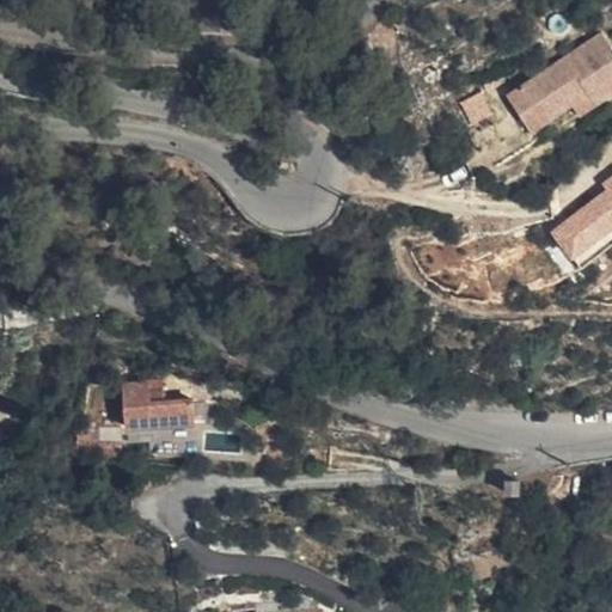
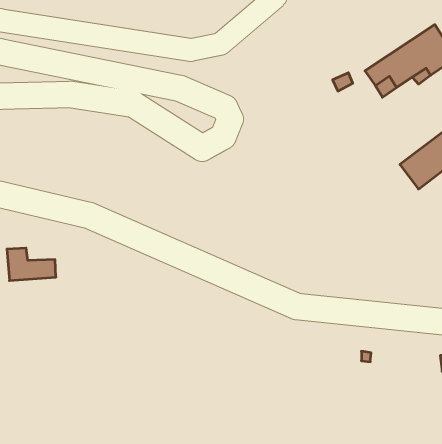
building: [130,384,197,428] -> [7,248,56,281]

